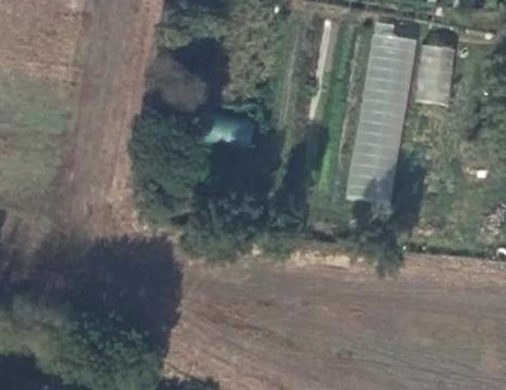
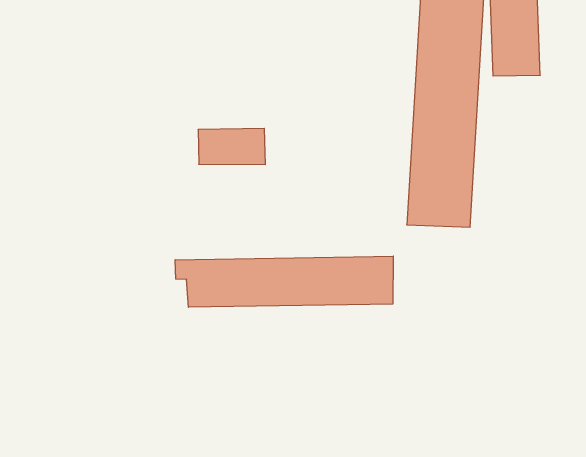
building: none -> [175,256,393,307]

